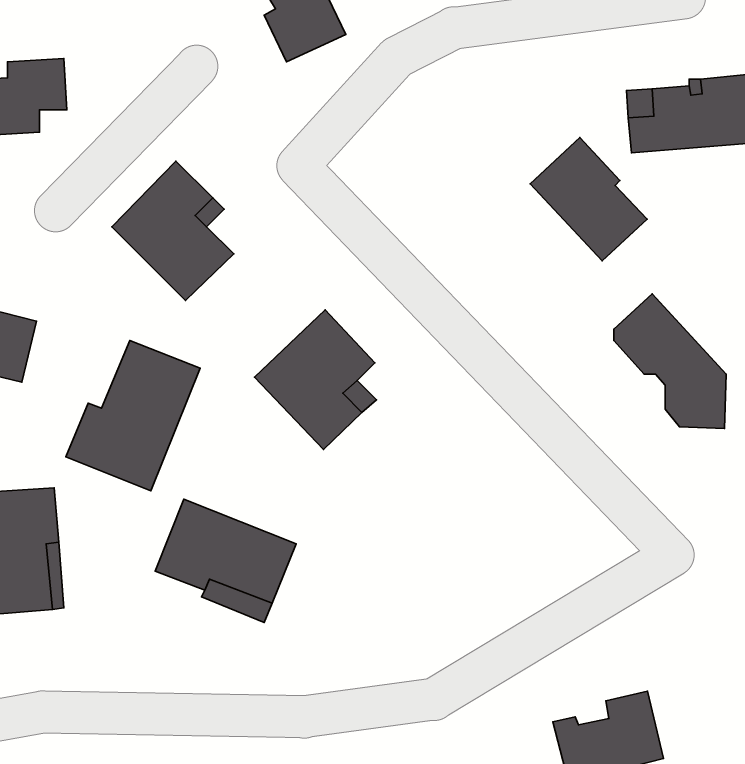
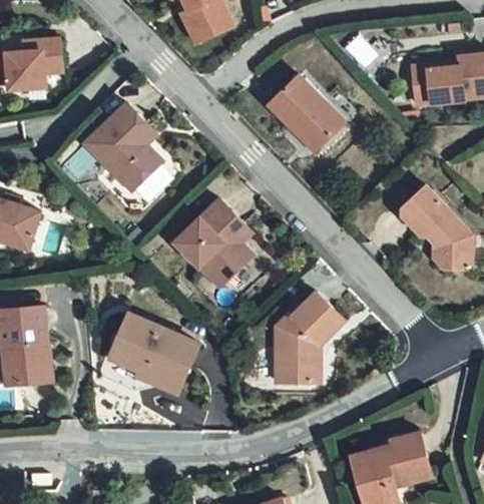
building: [530,137,647,261] -> [267,76,340,153]
building: [66,341,200,491] -> none
building: none -> [270,293,342,385]

